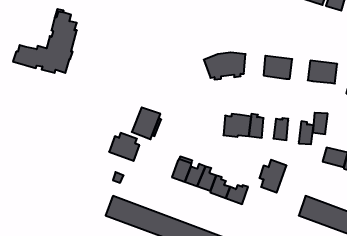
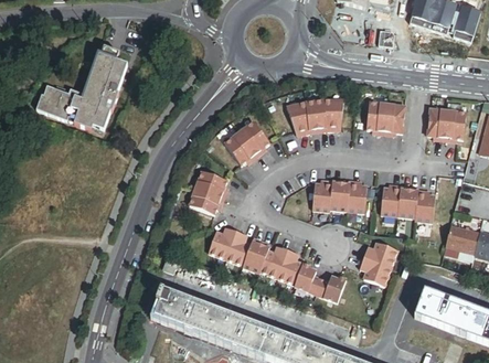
building: none -> [224,121,269,164]
building: [313,113,328,134] -> [397,189,417,217]
building: [109,133,139,161] -> [210,227,251,265]

